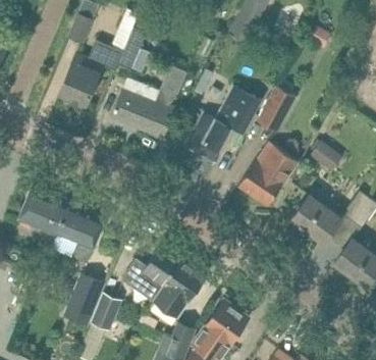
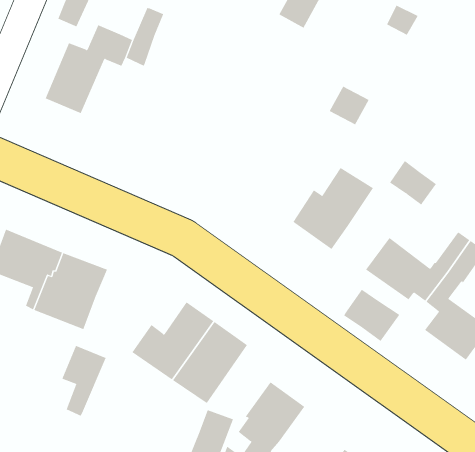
building: [111,65,185,138] -> none
building: [182,86,261,164] -> none
building: none -> [344,289,400,342]
building: [90,294,120,331] -> none

